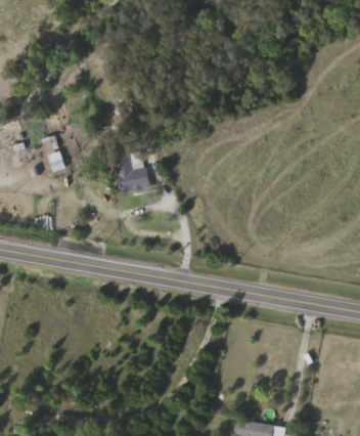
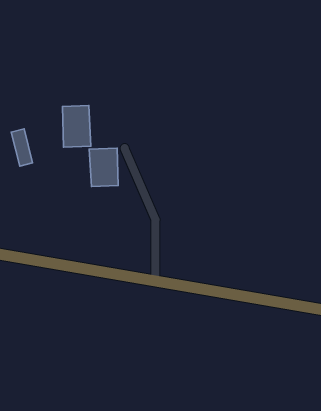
building: none -> [63,105,91,147]

